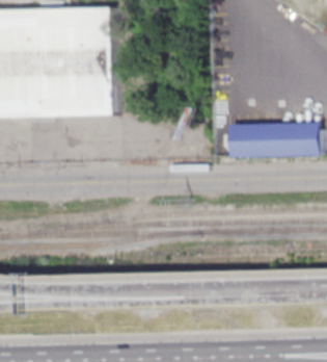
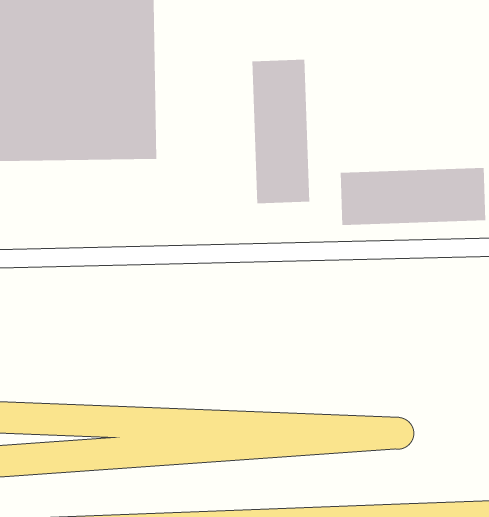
building: none -> [252,59,310,204]

